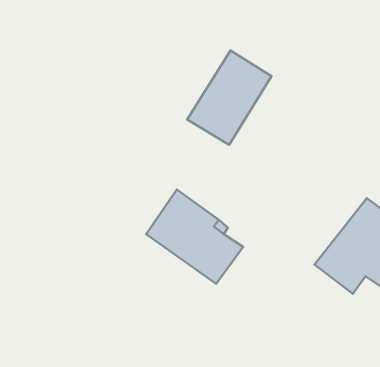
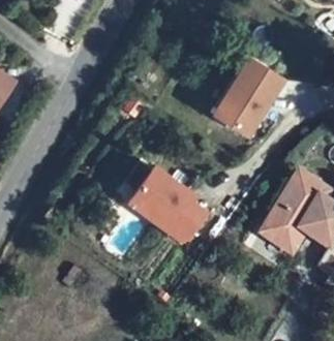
building: [187,51,271,145] -> [213,57,281,133]

